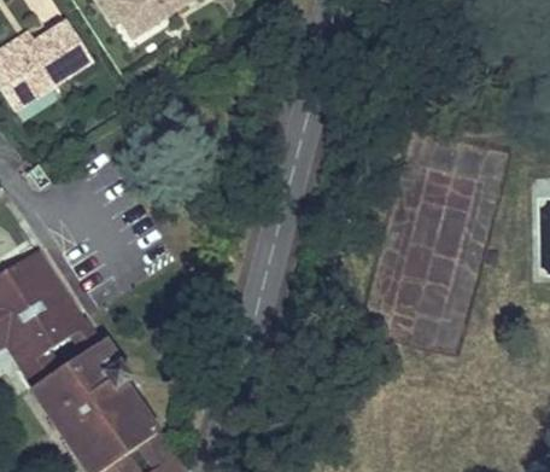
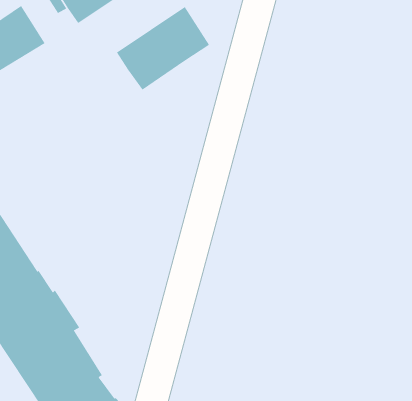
building: none -> [116,6,210,91]

